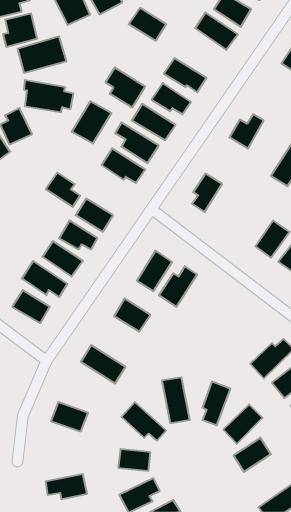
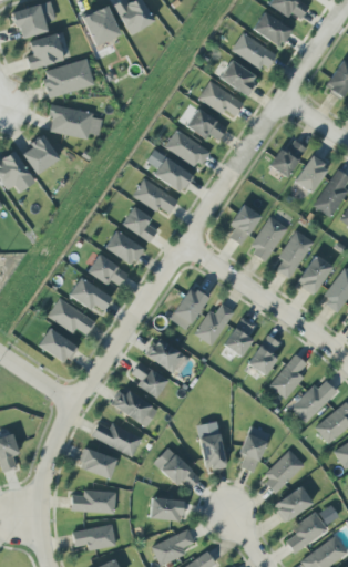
building: [129,8,166,41] -> [219,60,259,95]
building: [106,67,145,108] -> none
building: [72,101,111,144] -> none
building: none -> [295,155,329,193]
building: [46,173,80,207] -> [122,206,158,243]
building: none -> [249,216,288,261]
building: none -> [277,229,314,278]
building: none -> [225,317,256,355]
building: none -> [248,333,280,374]
building: none -> [270,353,308,399]
building: none -> [133,361,168,398]
building: none -> [92,422,143,456]
building: none -> [72,489,116,512]
building: none -> [288,511,329,553]

